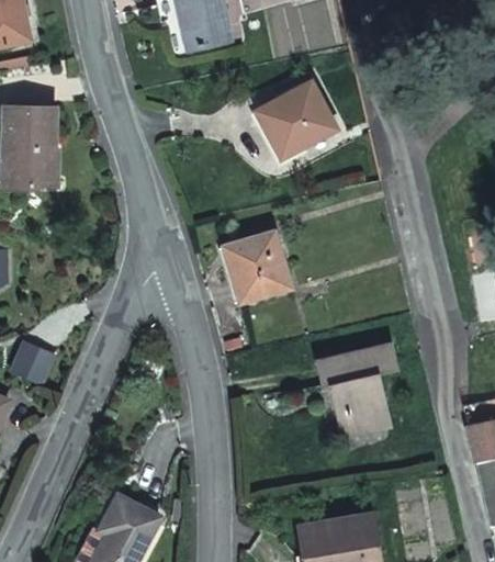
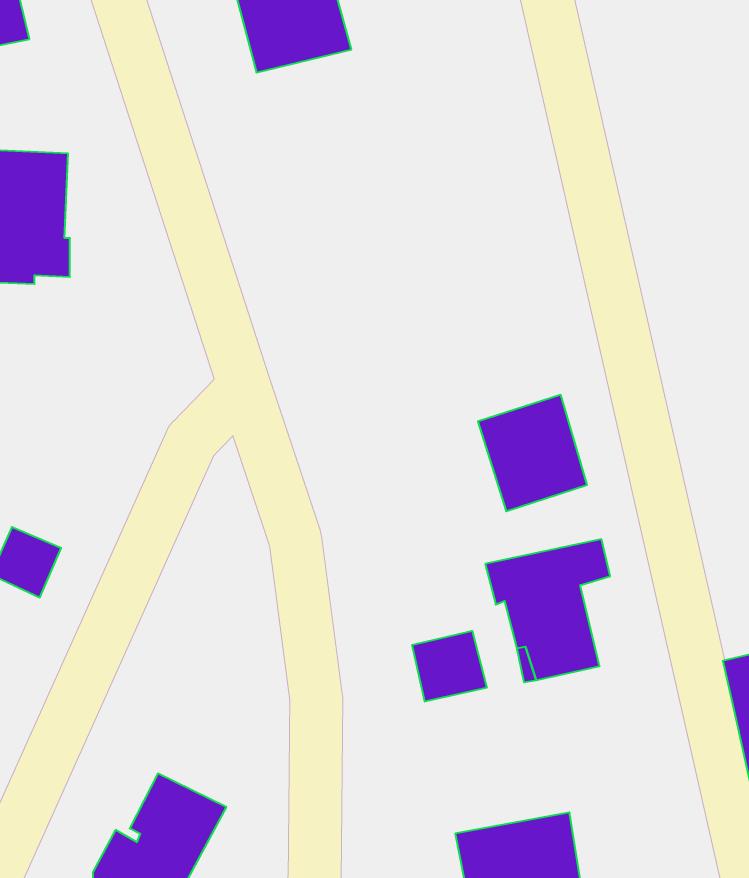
building: [257,83,337,160] -> none
building: [223,234,291,306] -> [478,395,587,511]
building: none -> [412,631,487,702]

